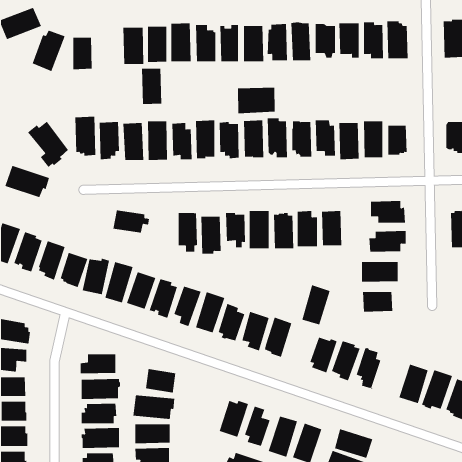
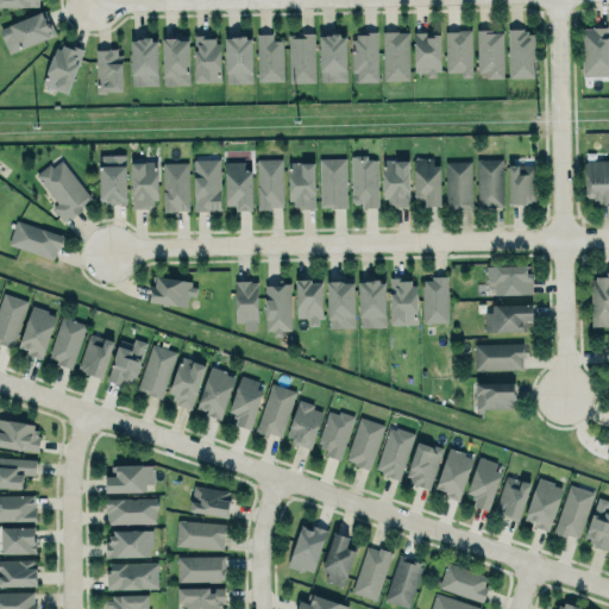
building: [141,68,162,105] -> [132,40,159,88]
building: [238,87,275,114] -> none
building: [302,284,331,325] -> [377,427,415,481]
building: none -> [497,477,533,523]

